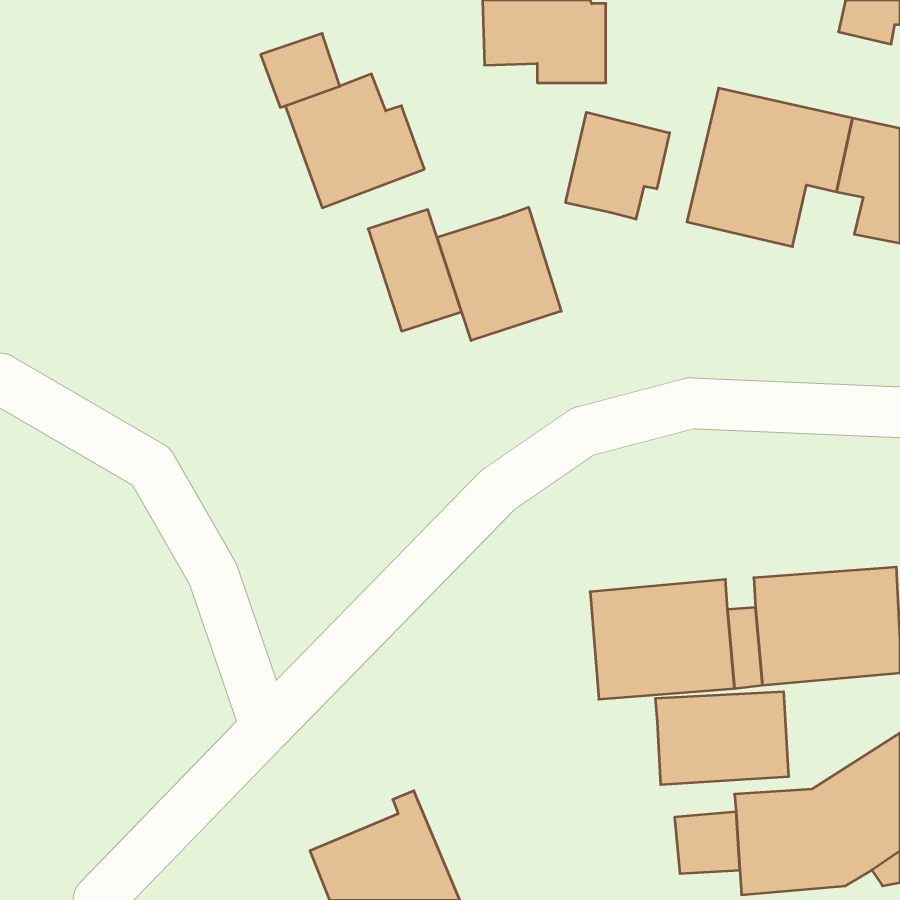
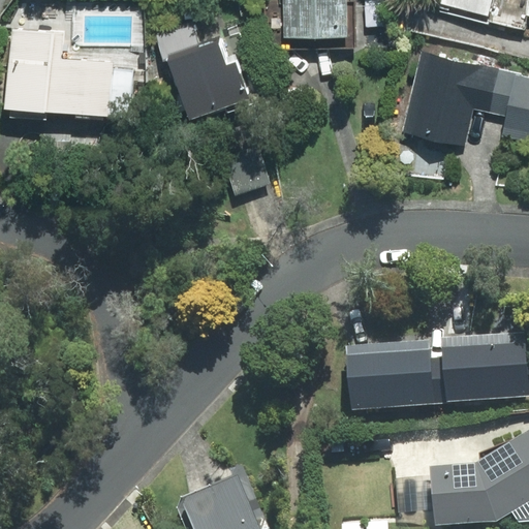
building: none -> [5,27,133,117]
building: [566,112,670,219] -> none
building: [437,207,561,341] -> none
building: [656,692,789,785] -> none

